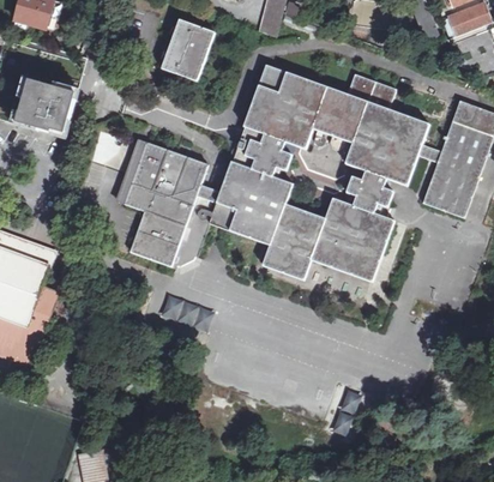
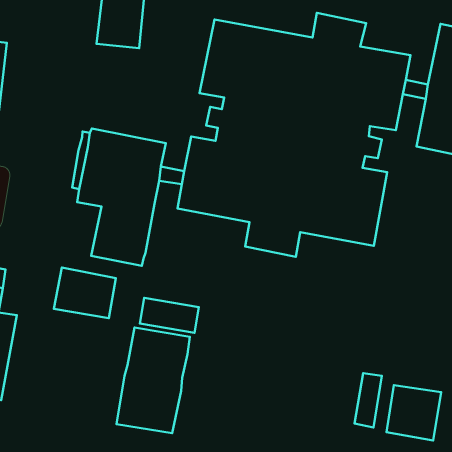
building: none -> [54,267,116,318]
building: none -> [117,328,190,433]
building: none -> [386,385,441,440]

